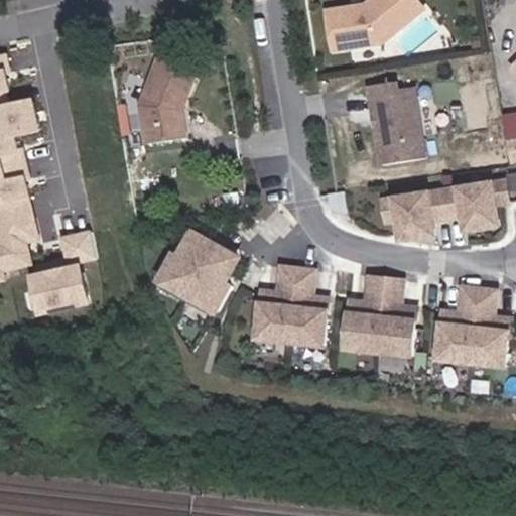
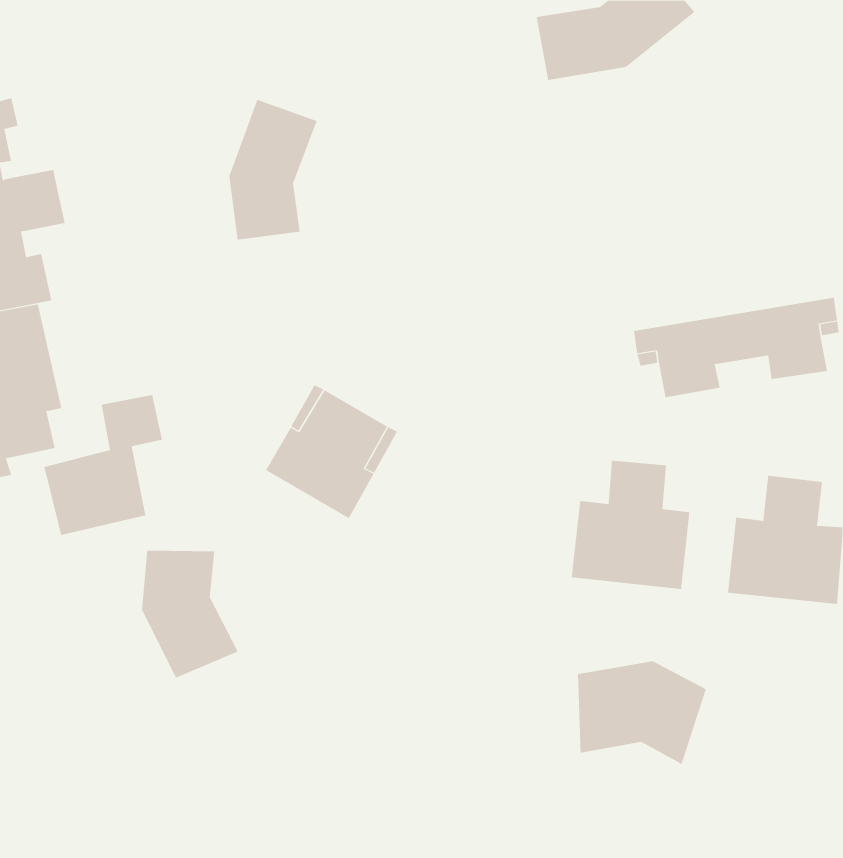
building: [364,80,420,164] -> none
building: [255,266,326,345] -> none
building: none -> [141,550,238,679]
building: none -> [577,660,707,765]

